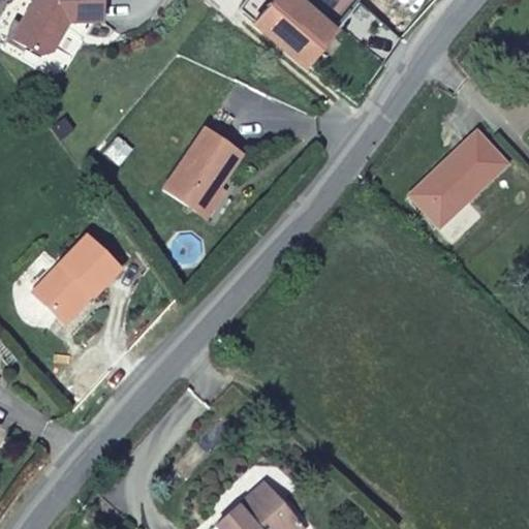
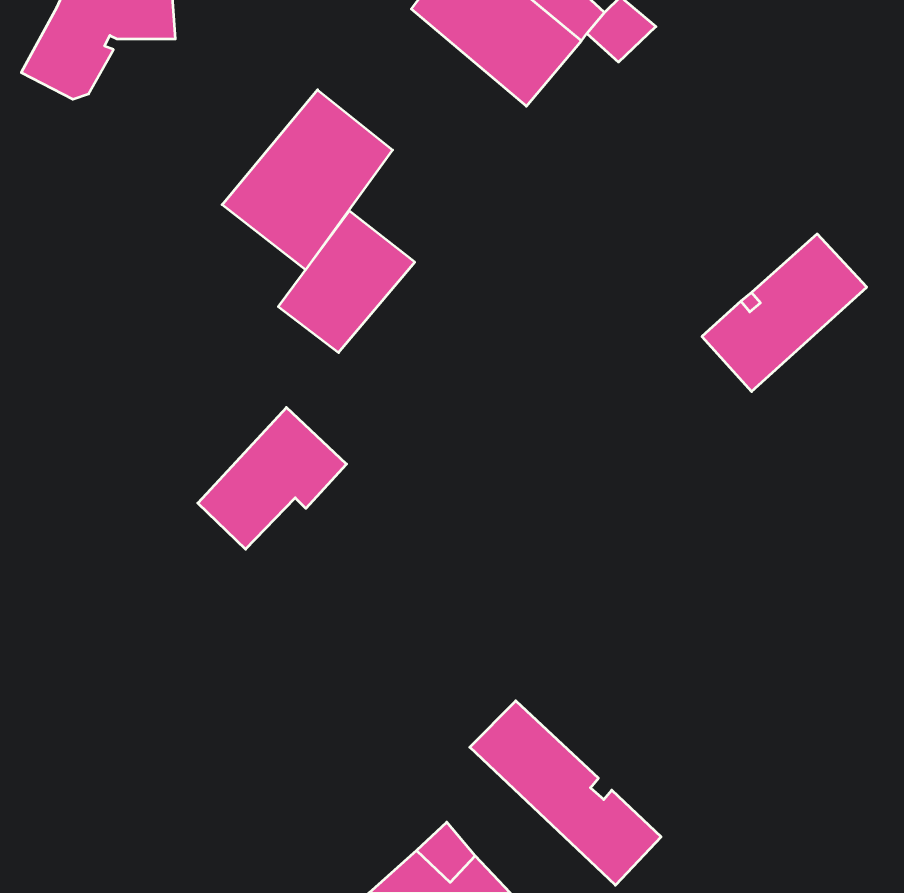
building: none -> [222,90,393,270]
building: [35,234,122,316] -> [198,407,347,549]
building: none -> [470,701,661,885]

